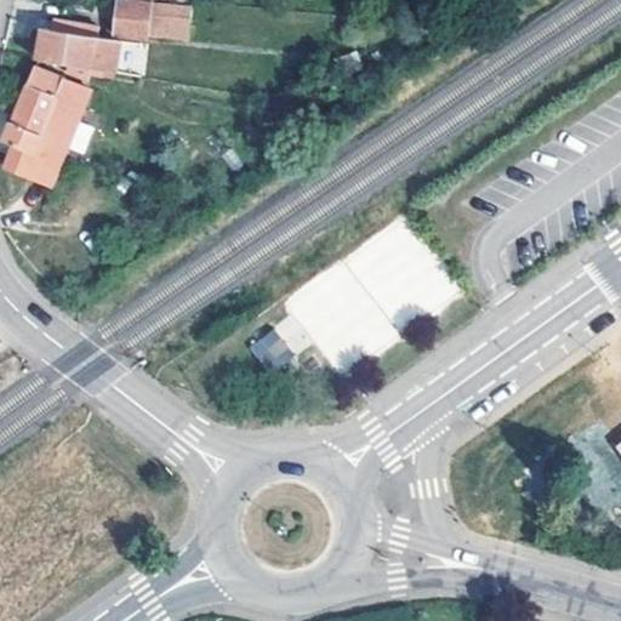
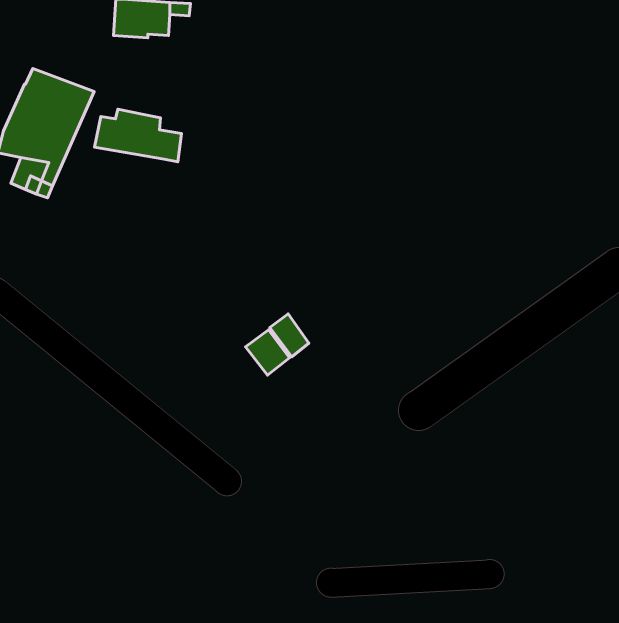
building: [34,22,120,74] -> [95,109,181,162]

